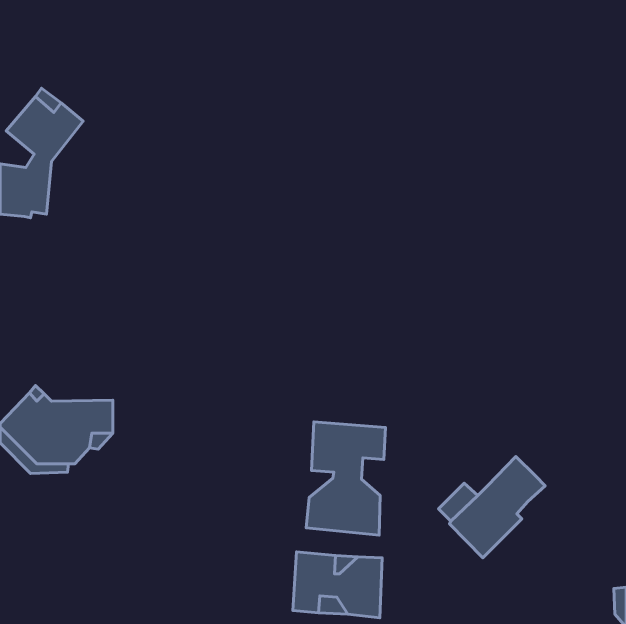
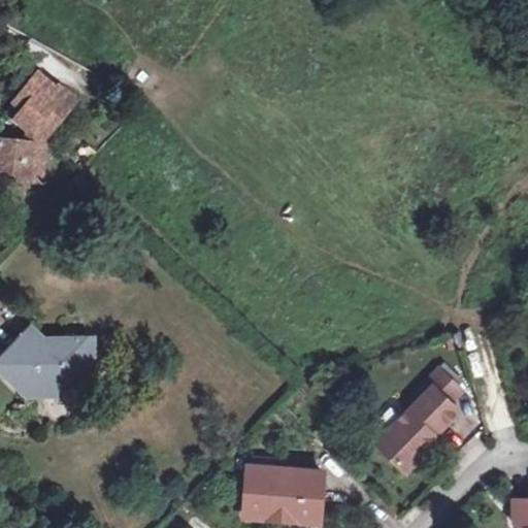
building: [306,422,385,535] -> none
building: none -> [404,367,463,409]

